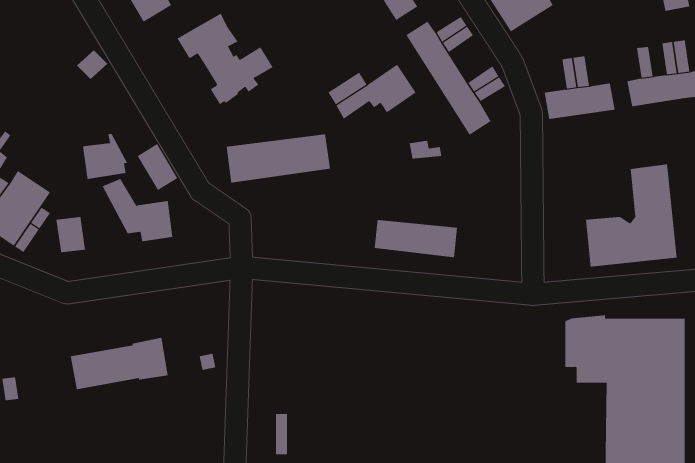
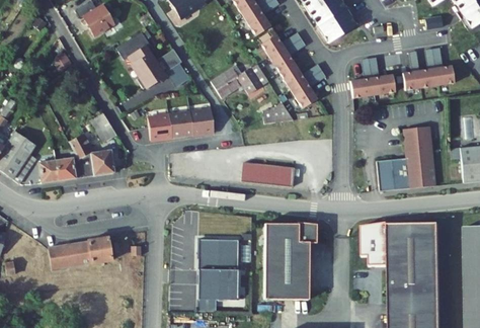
building: [82,133,128,180] -> [55,152,84,181]
building: none -> [264,222,318,300]
building: none -> [198,240,239,301]

